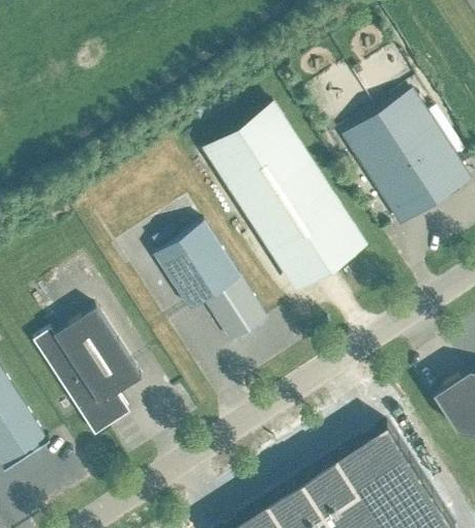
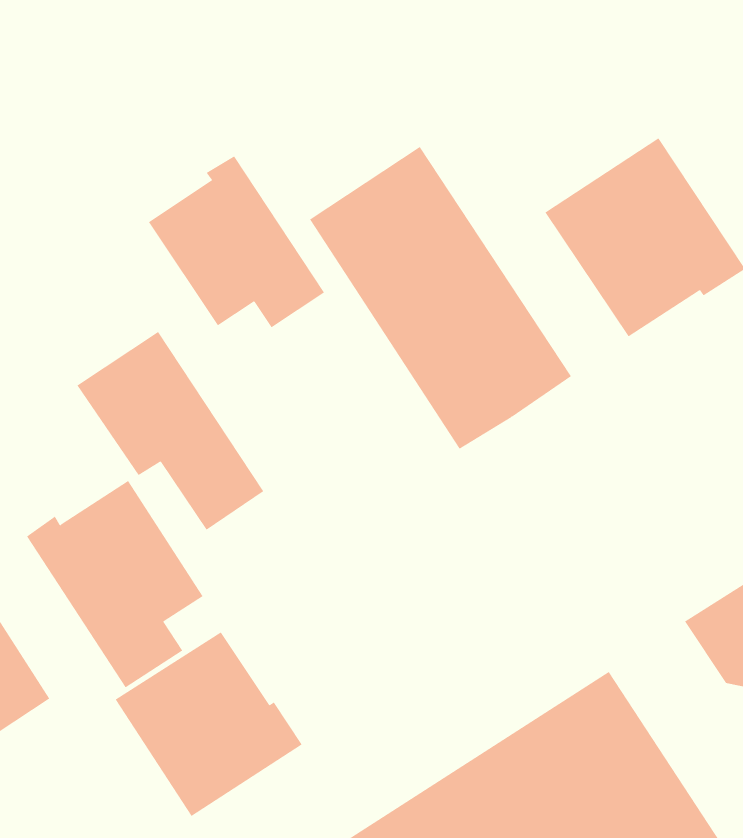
building: none -> [148,155,325,328]
building: [154,223,268,344] -> [77,331,264,530]
building: none -> [115,631,303,817]

